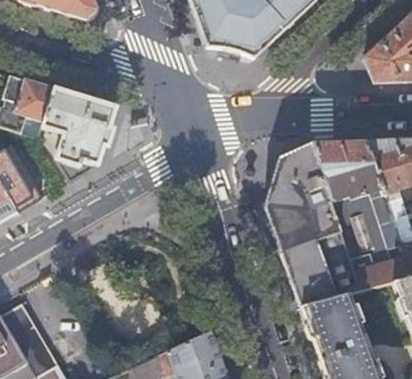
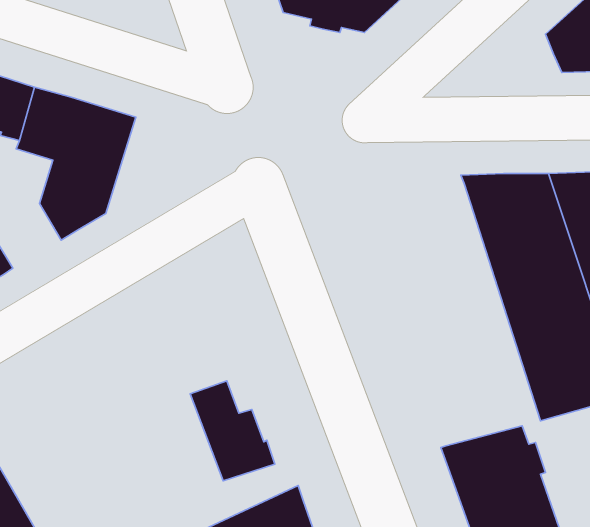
building: [265,146,360,305] -> none
building: none -> [190,381,275,481]

